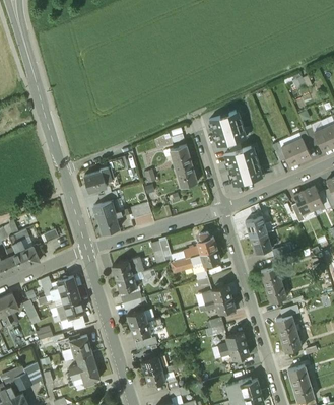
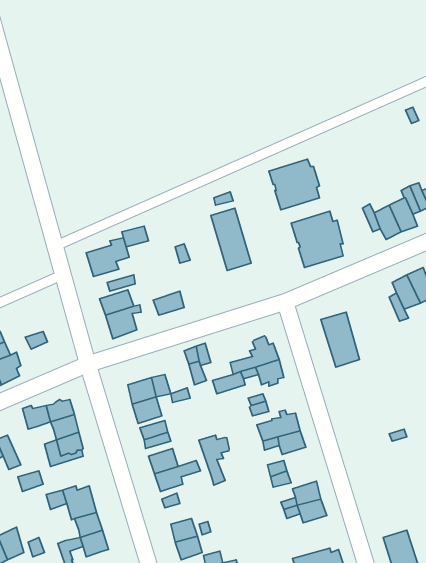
building: [260,266,286,302] -> none
building: none -> [199,435,229,485]
building: [275,316,302,352] -> none

